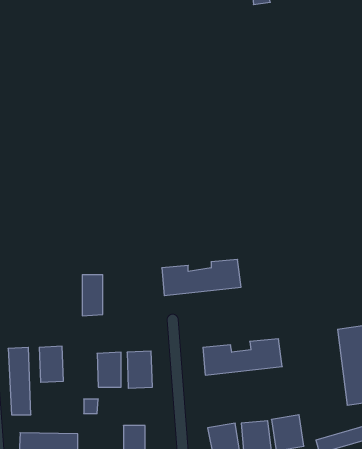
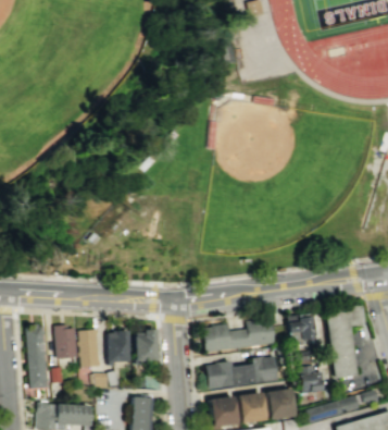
building: [162,259,241,296] -> [208,356,279,389]
building: [82,275,103,316] -> [82,330,100,367]
building: none -> [288,314,317,341]
building: none -> [300,366,324,392]

